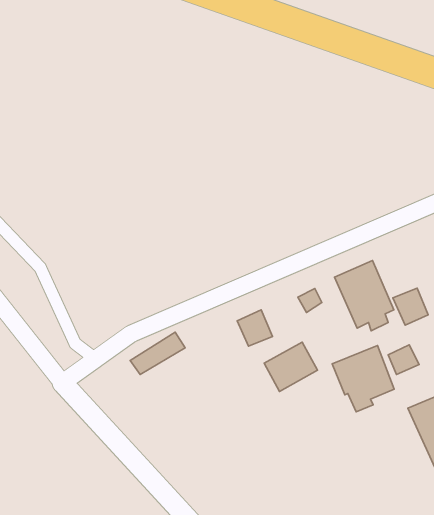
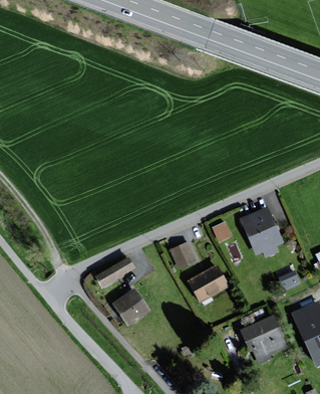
building: [393,288,428,325] -> none
building: [332,346,394,412] -> [242,315,286,362]
building: none -> [113,288,149,325]

